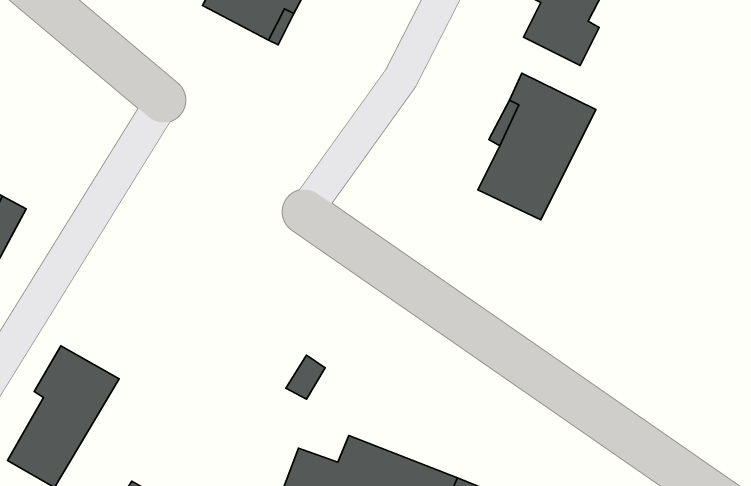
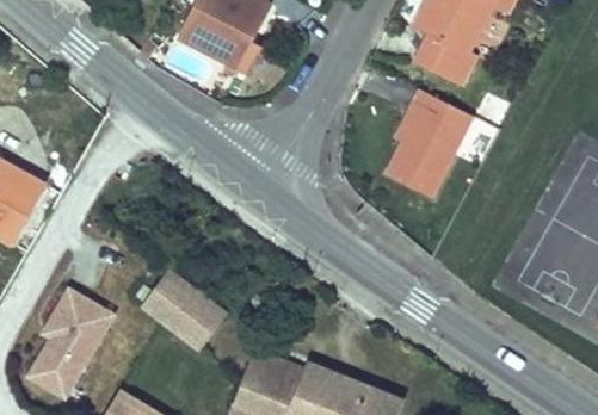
building: none -> [143,275,224,352]

